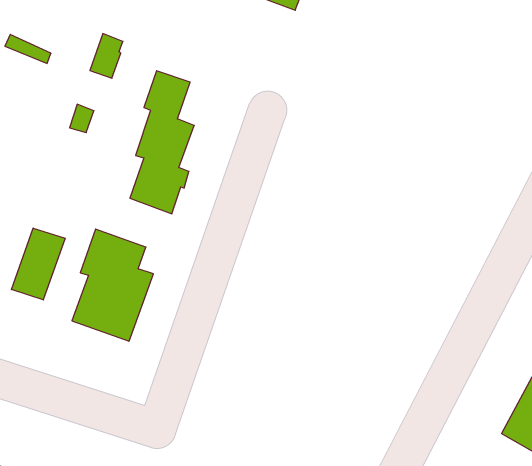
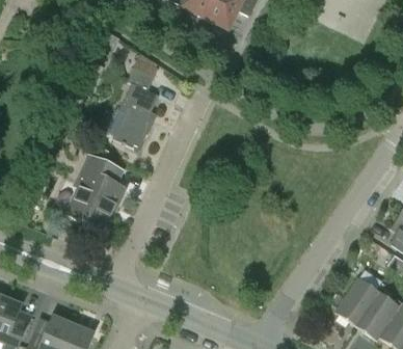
building: [11,228,65,300] -> none

